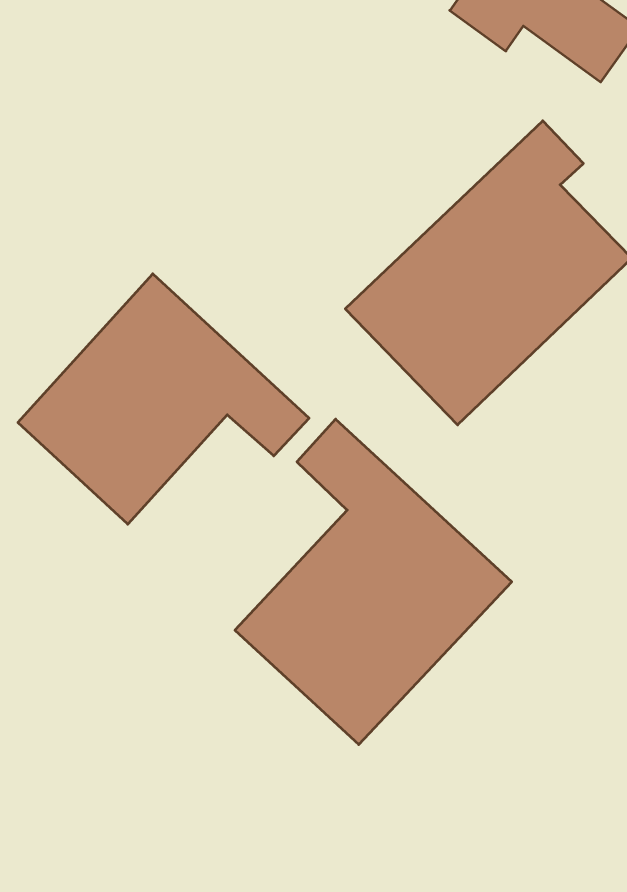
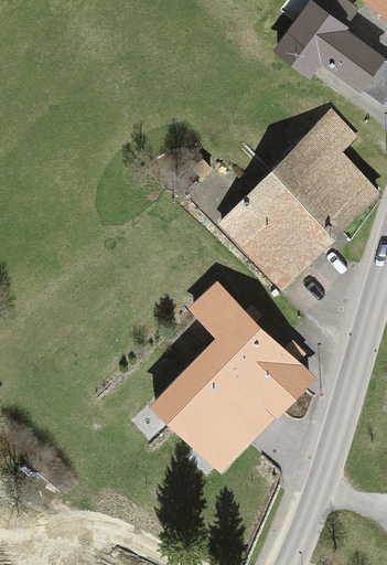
building: [18,274,309,524] -> none

